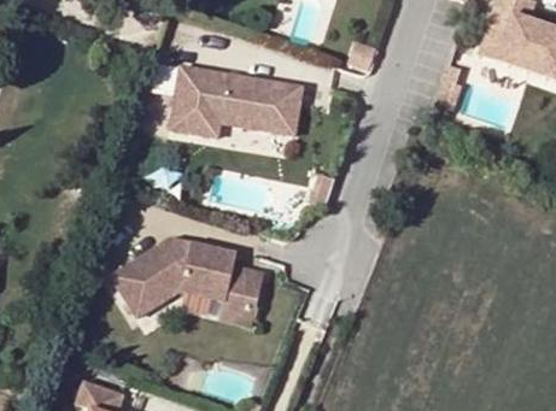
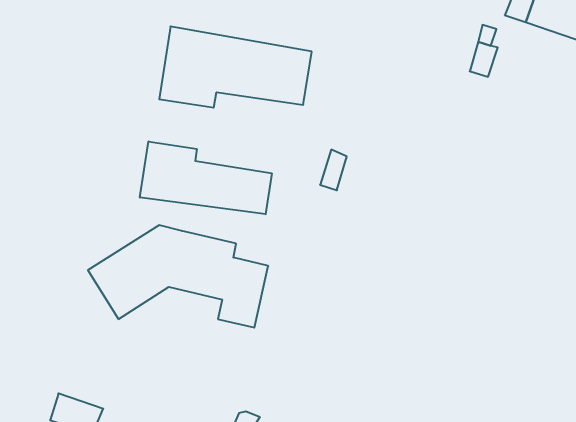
building: none -> [140,141,272,214]

